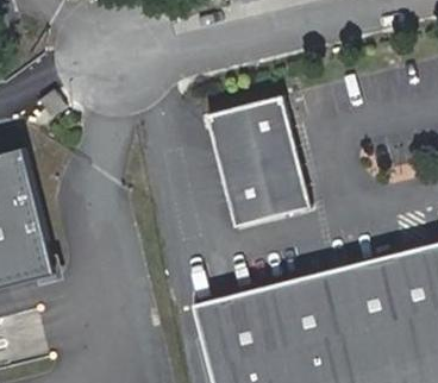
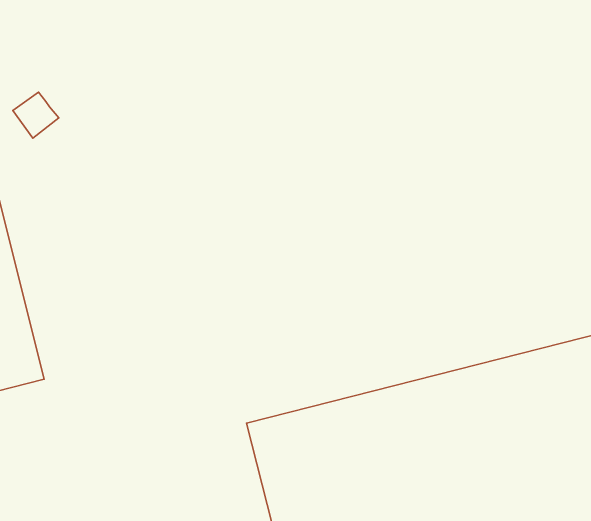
building: [205,94,309,225] -> none

